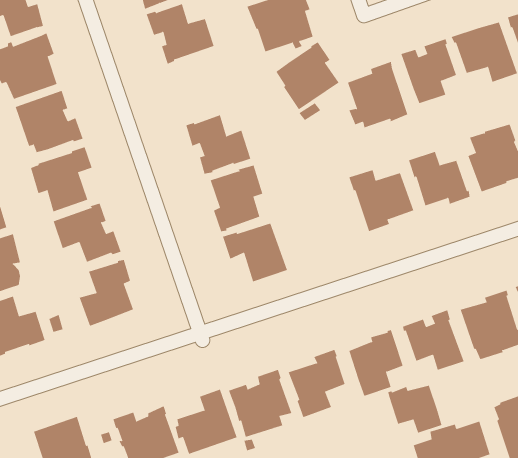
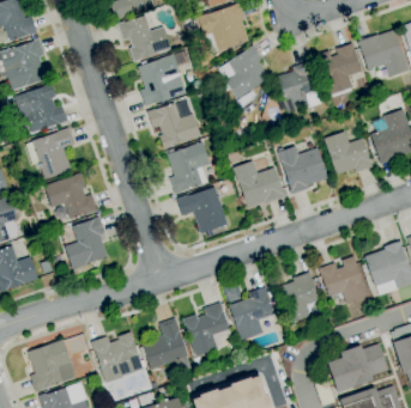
building: none -> [138,54,187,108]
building: none -> [234,162,285,208]
building: [387,385,442,433] -> none

